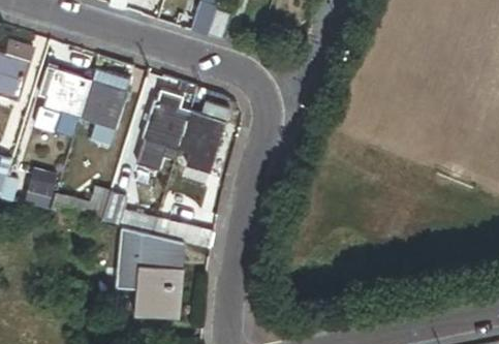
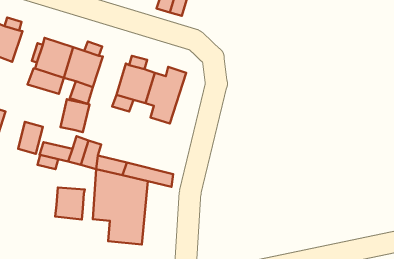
building: none -> [61,99,90,132]
building: none -> [55,187,85,219]

